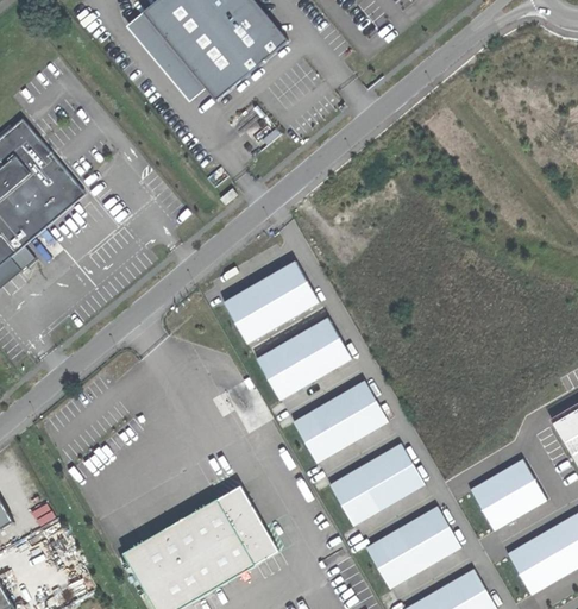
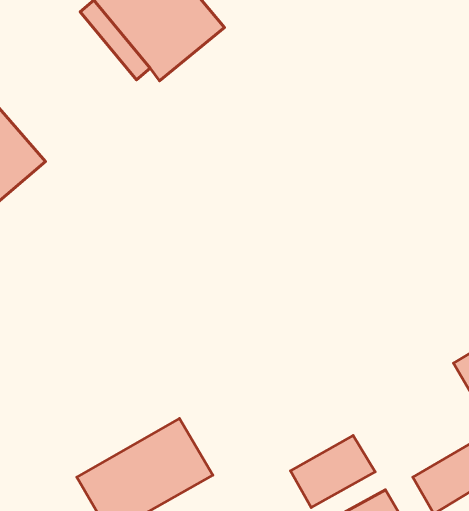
building: [224,260,320,344] -> none
building: [258,318,353,400] -> none
building: [293,379,389,463] -> none
building: [329,442,425,526] -> none
building: [469,458,545,529] -> none

